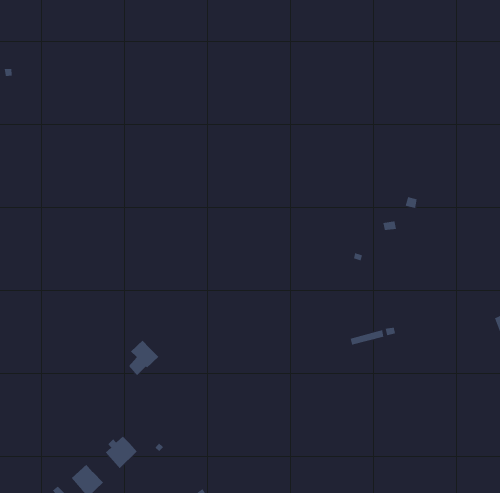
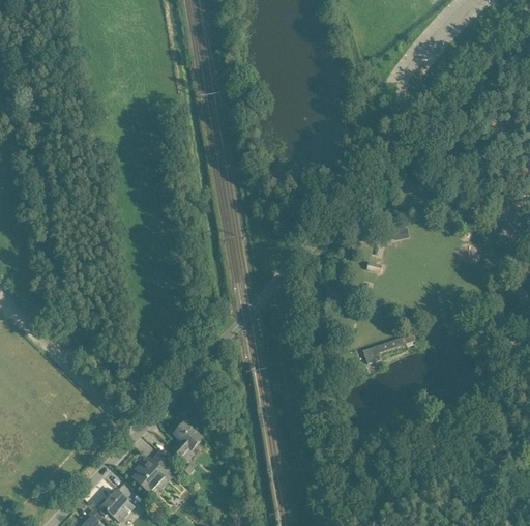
building: [128,340,159,376] -> [173,420,203,457]

